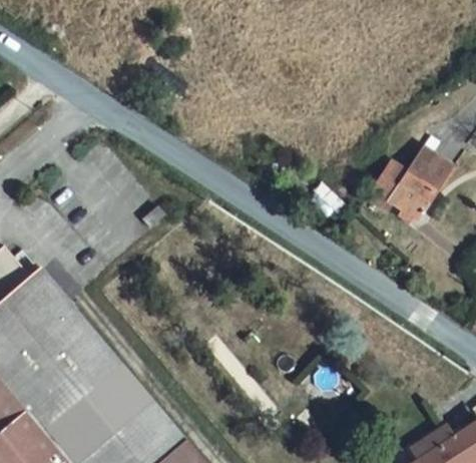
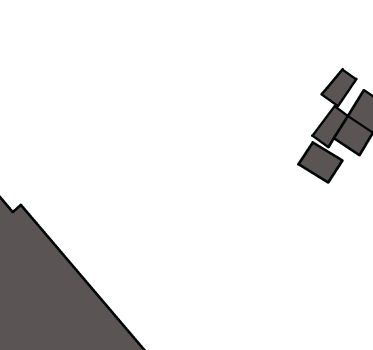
building: none -> [322,69,356,106]
building: none -> [298,142,342,182]

